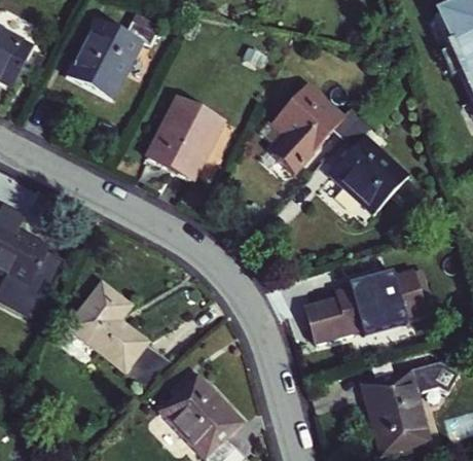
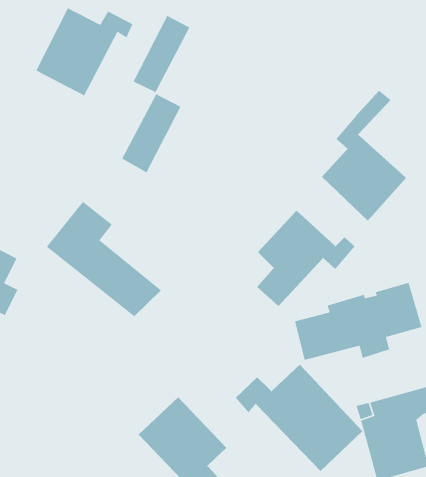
building: [270,81,362,171] -> [256,210,356,307]
building: [170,107,223,179] -> [132,15,190,93]
building: [69,283,176,390] -> [46,201,162,317]
building: none -> [235,364,363,472]

